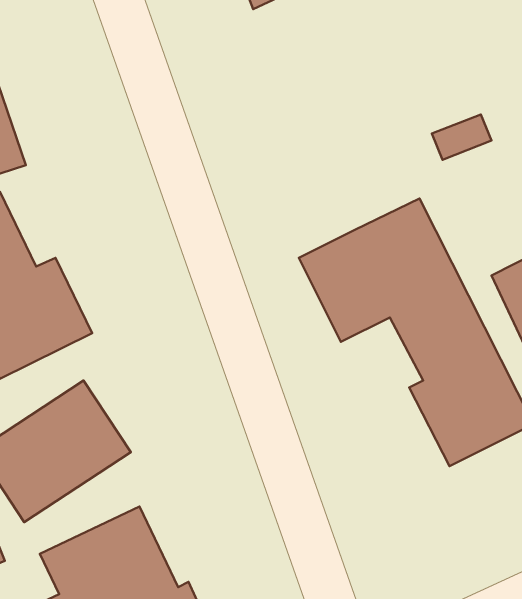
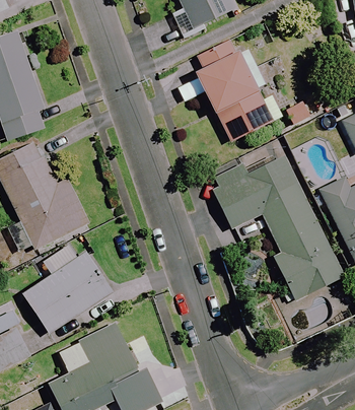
building: none -> [181,39,275,140]

